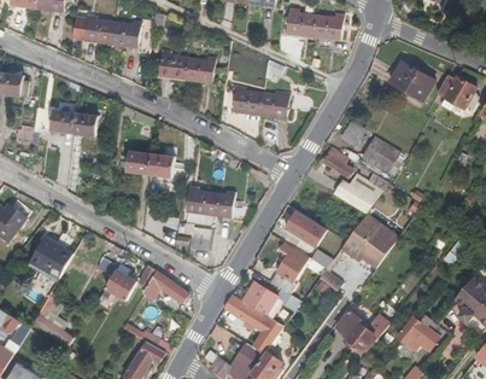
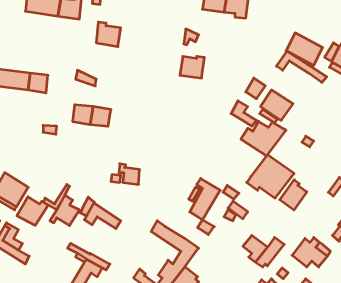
building: [183,56,213,83] -> none
building: [232,84,263,115] -> none
building: none -> [276,51,327,82]
building: [187,187,235,218] -> none
building: [288,211,327,245] -> none
building: none -> [280,180,307,210]
building: none -> [17,197,48,225]
building: [241,280,279,315] -> none

